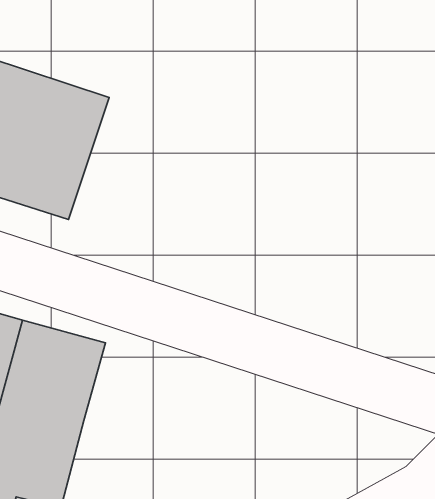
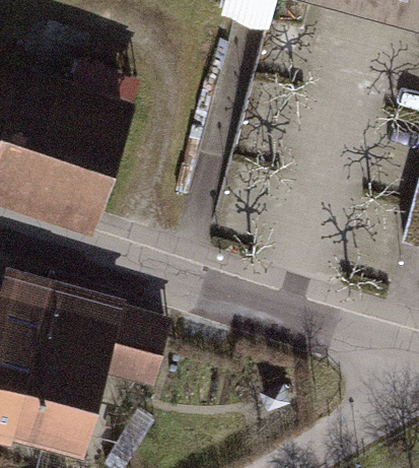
building: none -> [102,309,168,384]

